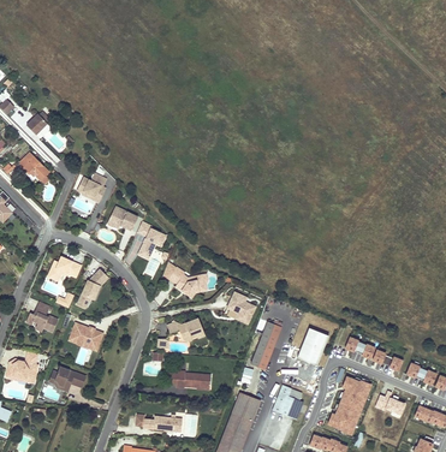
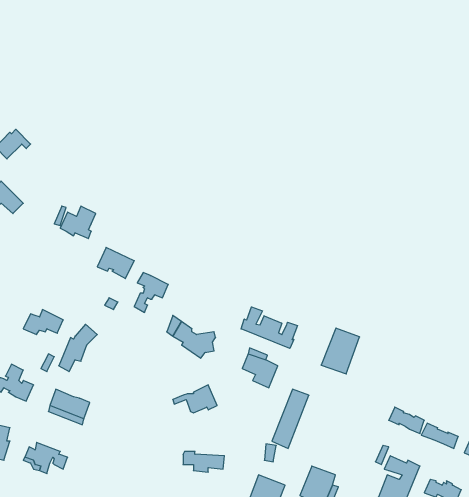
building: none -> [241,307,298,348]
building: [296,327,327,364] -> [321,328,360,374]

